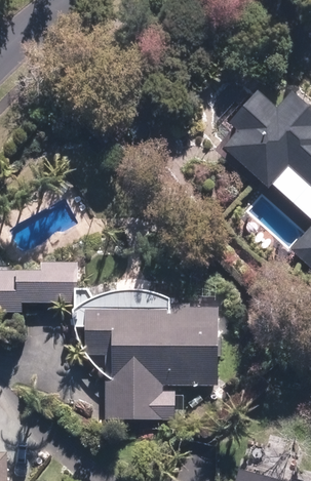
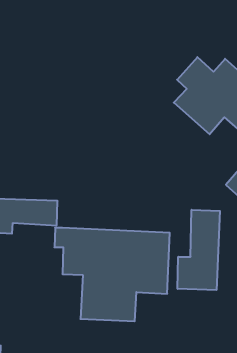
building: none -> [178,210,220,290]

